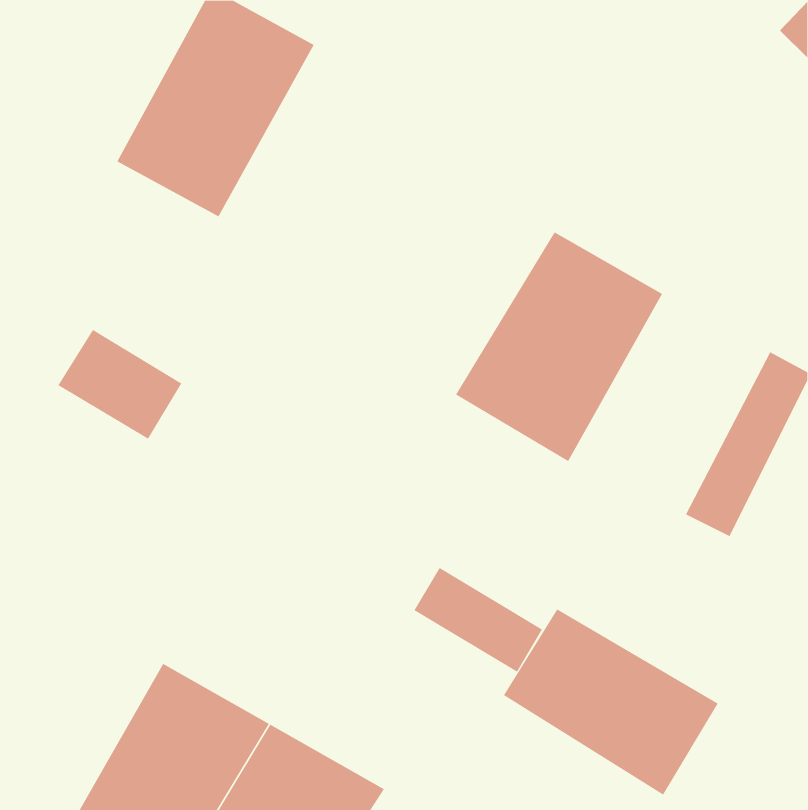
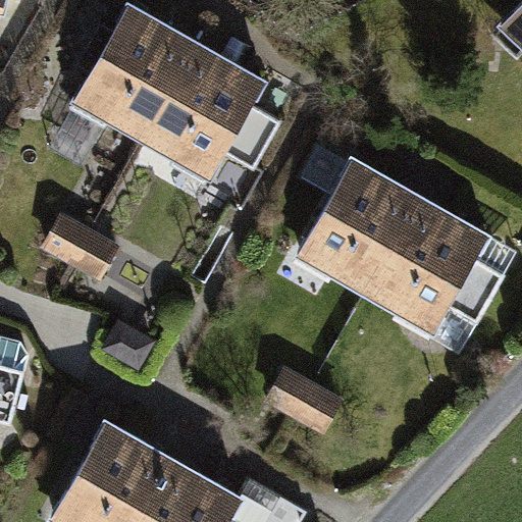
building: none -> [140,33,272,182]
building: none -> [363,192,486,334]
building: [503,609,719,795] -> none

